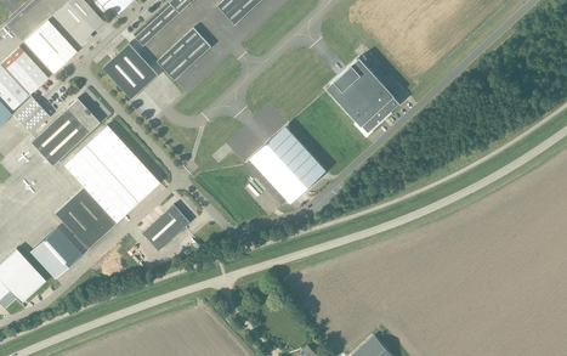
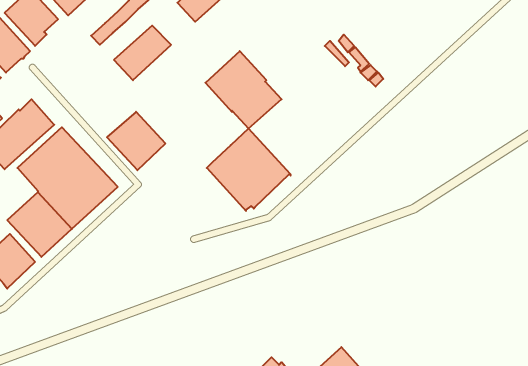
building: [102,44,158,100] -> [107,112,165,170]
building: [327,57,399,131] -> [205,51,282,129]
building: [142,204,188,250] -> none

